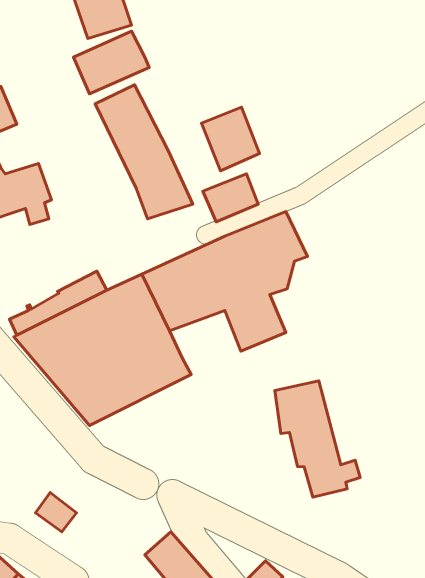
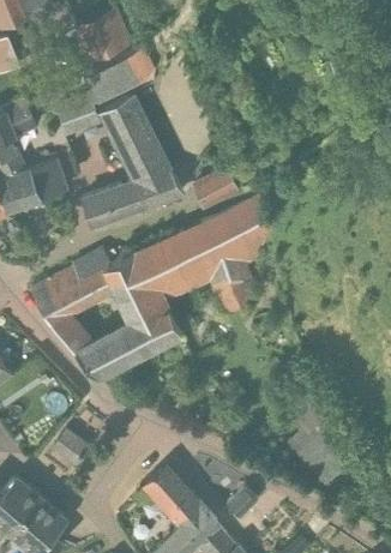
building: [202,107,259,171] -> none
building: none -> [80,181,145,226]
building: [275,381,360,497] -> none

